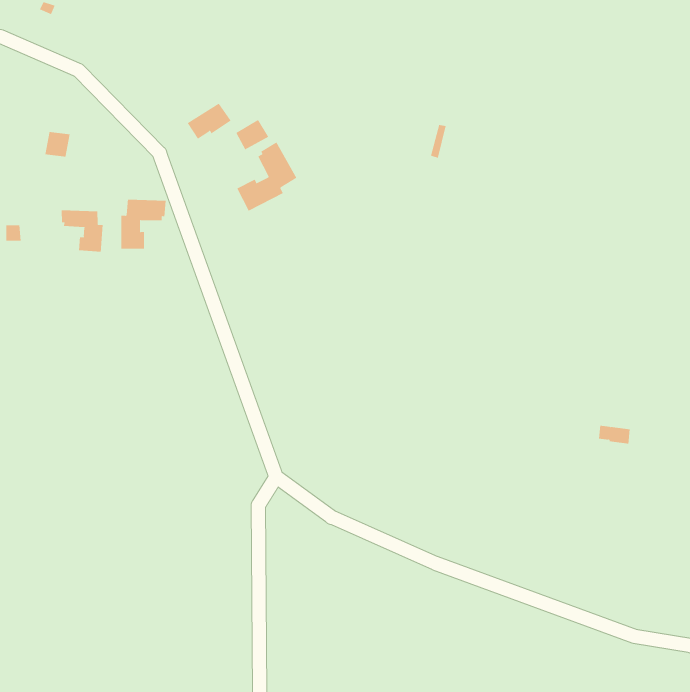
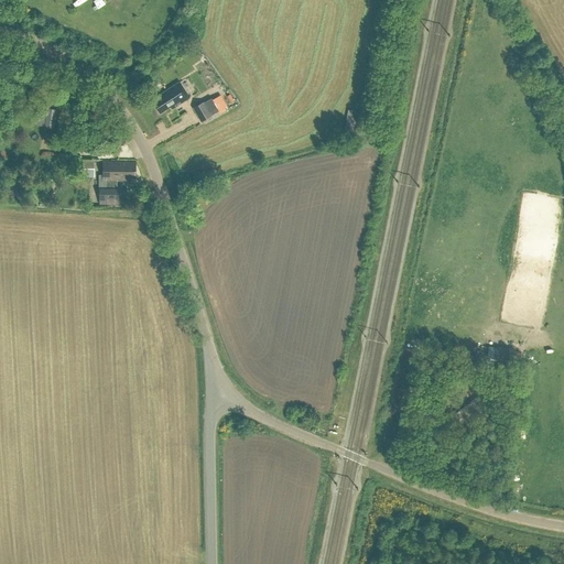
building: [237,141,297,211] -> none
building: [61,209,103,252] -> none

